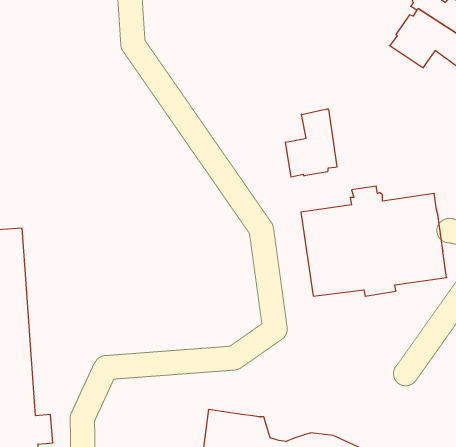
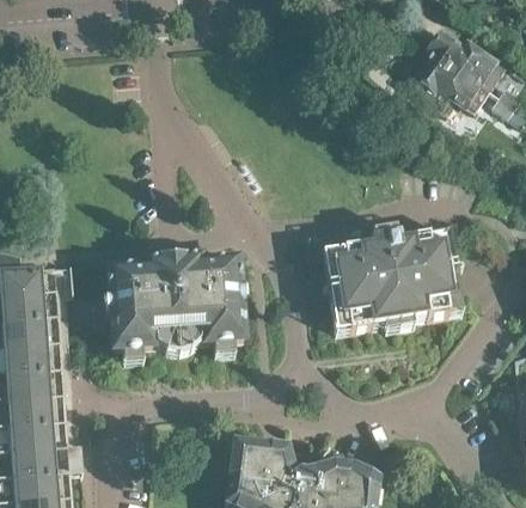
building: [285,109,337,177] -> none
building: none -> [104,252,246,360]

